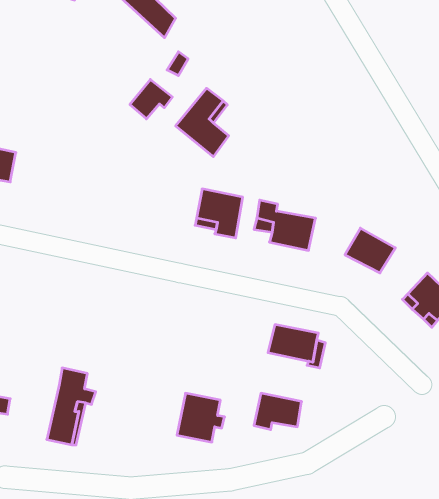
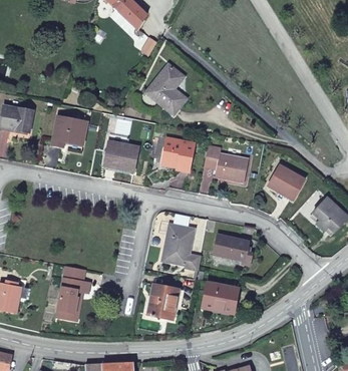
building: [130,79,172,119] -> none
building: none -> [51,114,86,148]
building: none -> [103,140,138,171]
building: none -> [161,224,201,270]

